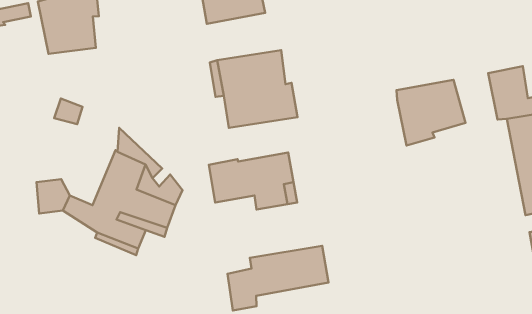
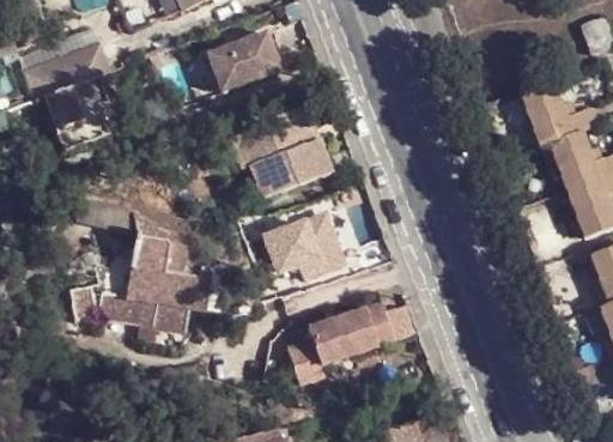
building: [397,80,465,146] -> none

